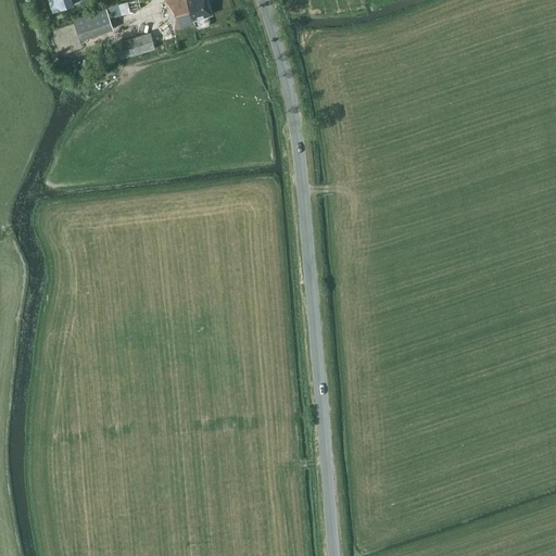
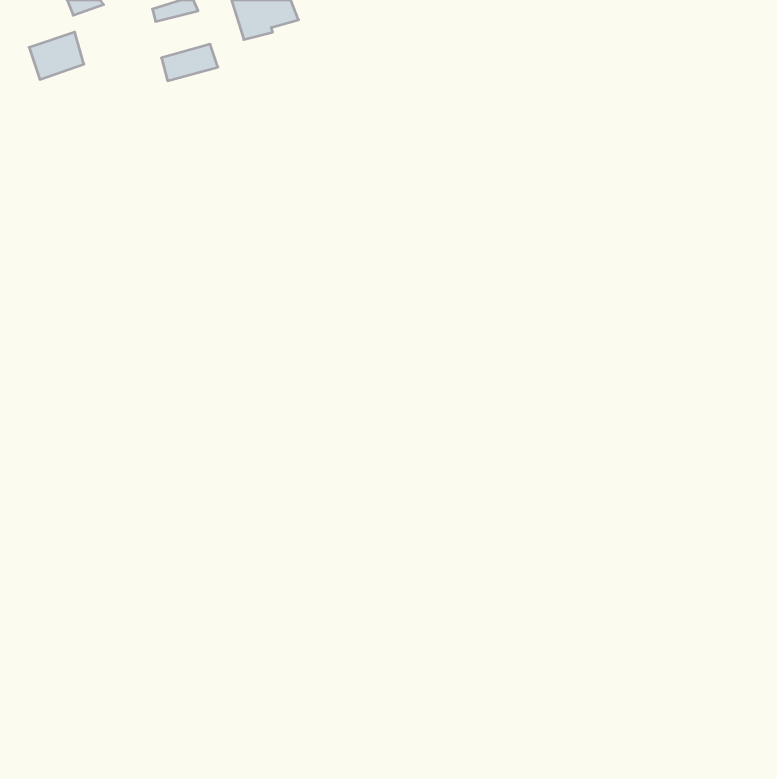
building: [75,7,114,40] -> [29,32,84,79]

